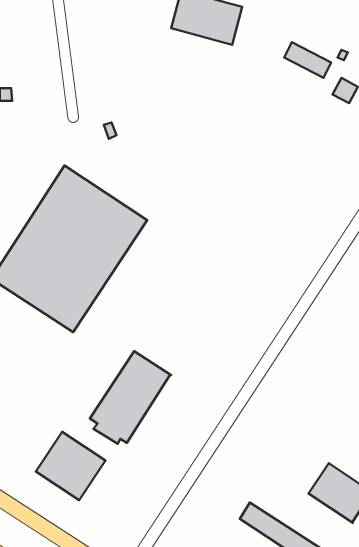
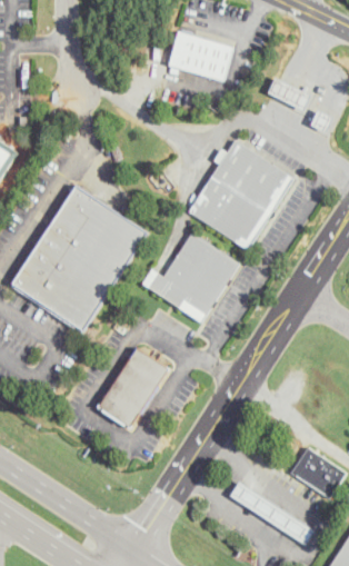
building: none -> [188,141,292,251]
building: none -> [141,232,238,321]
building: [36,432,105,500] -> none

